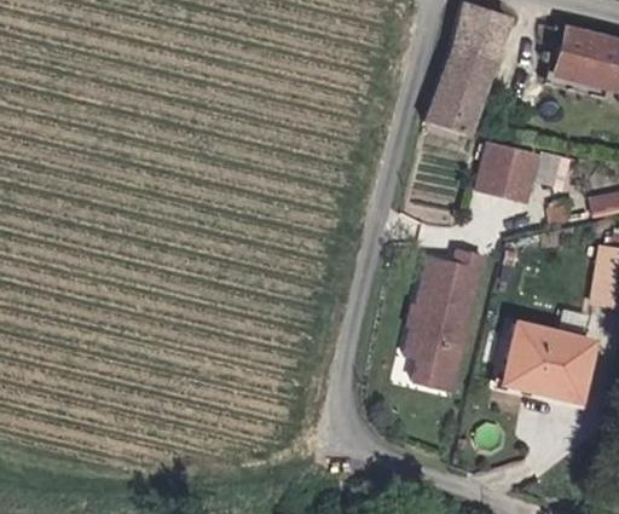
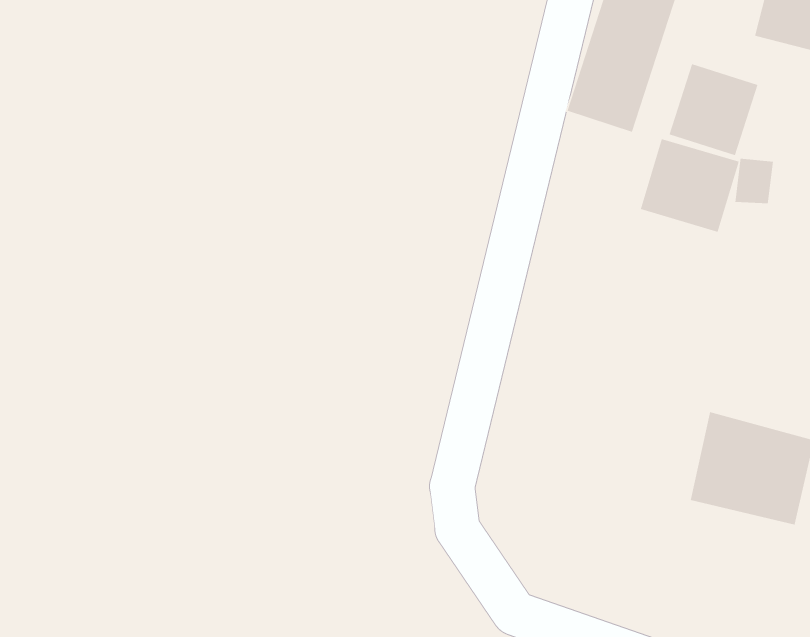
building: none -> [668,63,759,156]
building: [405,250,485,391] -> none

